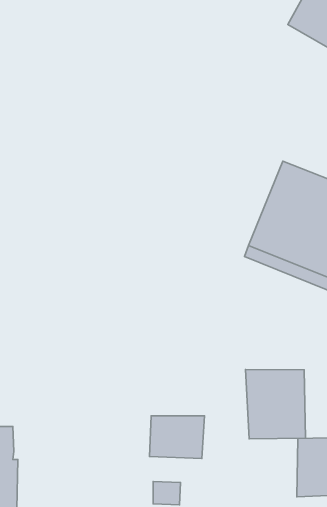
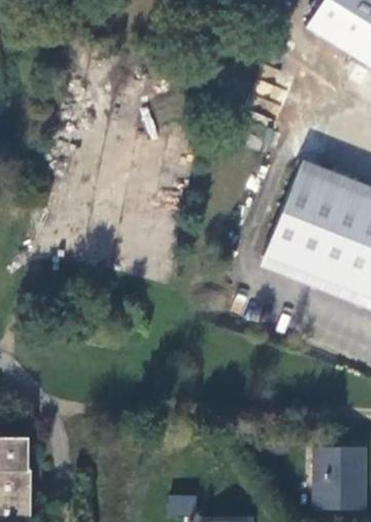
building: [246,369,305,439] -> none
building: [150,416,204,459] -> none

